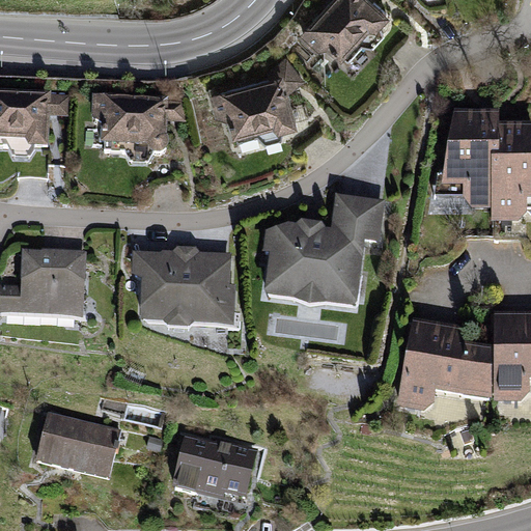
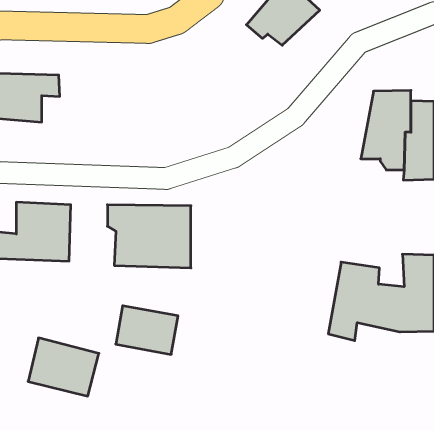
building: [209,52,306,138] -> none
building: [92,95,184,150] -> none
building: [261,192,385,308] -> none
building: [177,442,253,501] -> [116,306,178,354]

